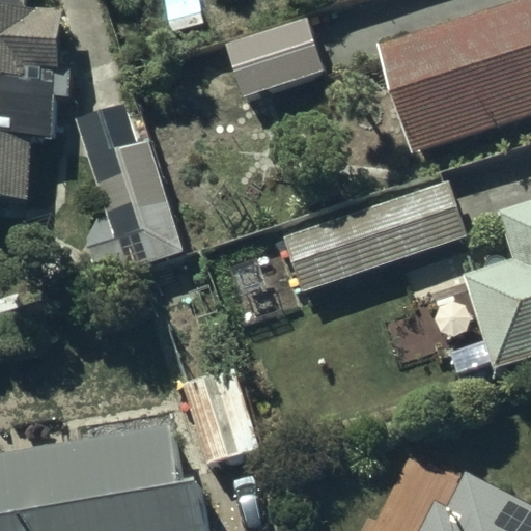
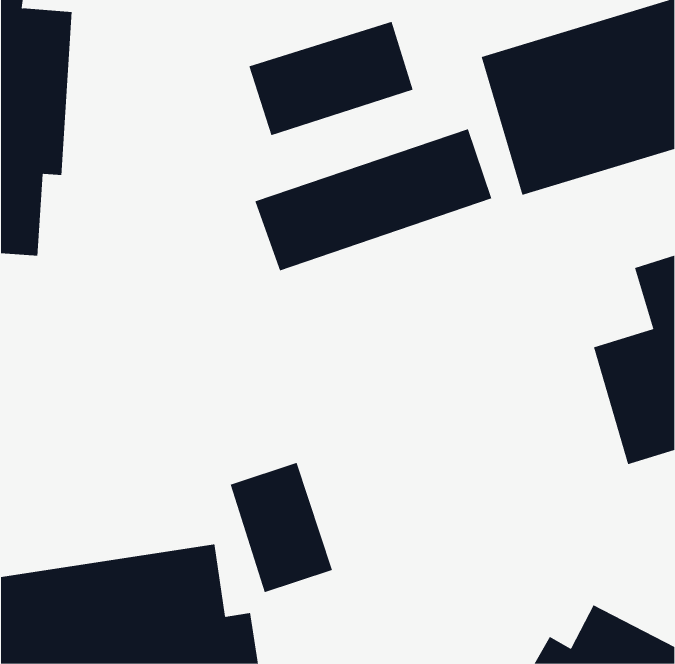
building: [76,102,183,275] -> none
building: [281,180,468,292] -> [255,129,492,271]

